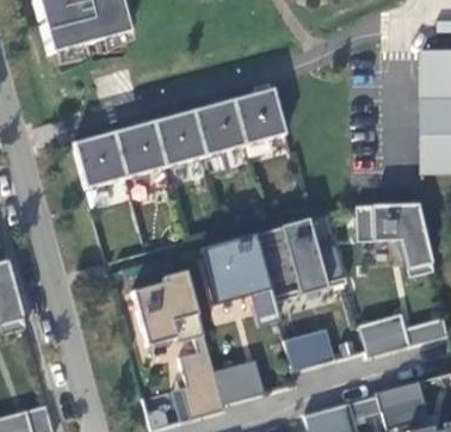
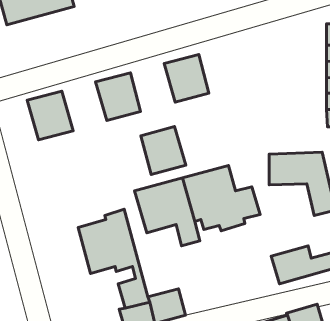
building: [194,99,247,155] -> [141,127,186,174]
building: [115,121,167,178] -> none
building: [285,329,328,371] -> none

